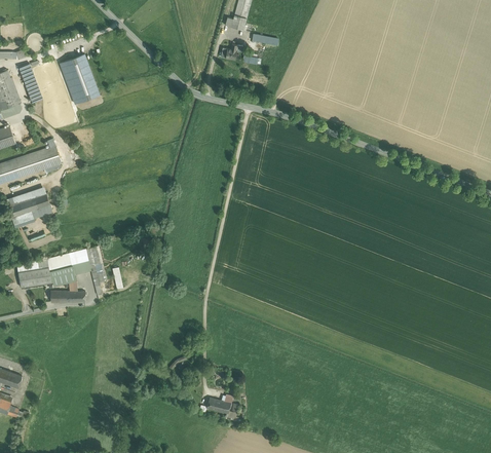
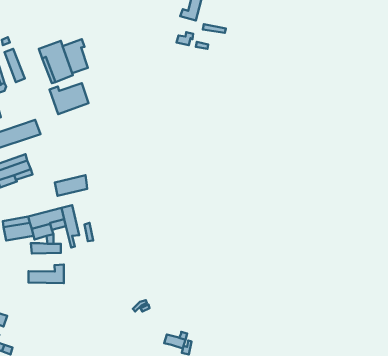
building: none -> [63,39,88,73]
building: none -> [49,83,88,114]
building: none -> [55,175,87,196]
building: none -> [29,264,64,283]

